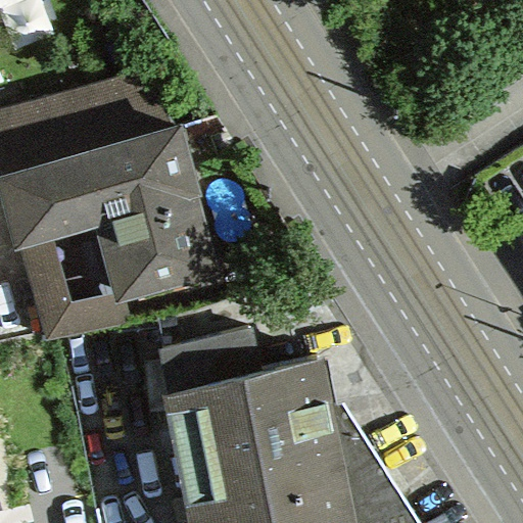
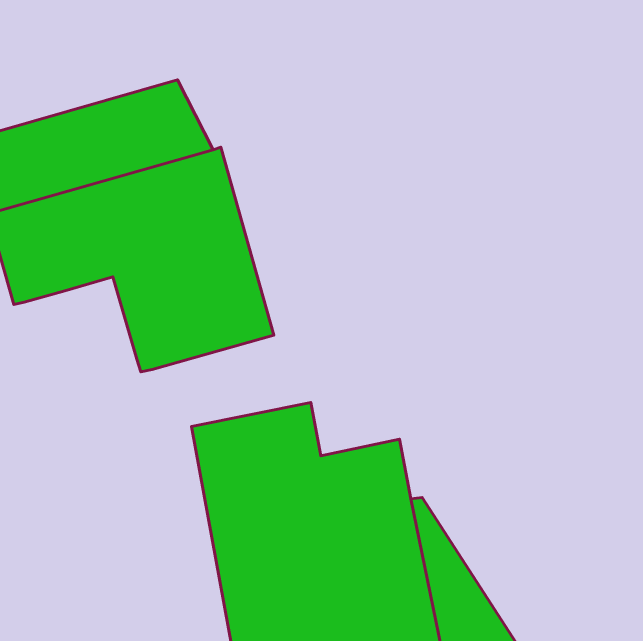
building: [19,240,127,342] -> none

